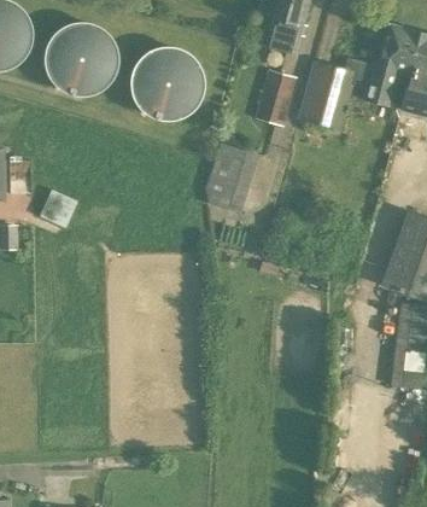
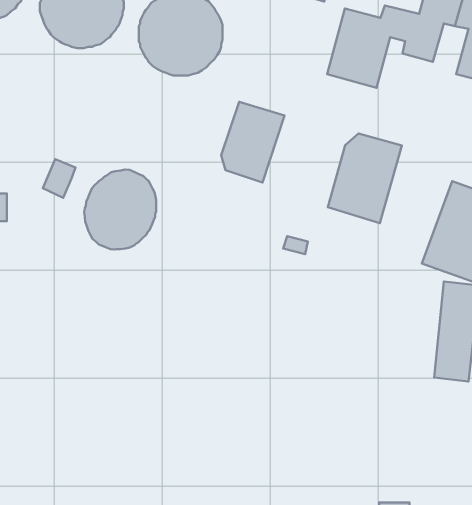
building: [255,68,297,124] -> none
building: none -> [328,133,402,223]
building: none -> [84,169,156,249]

